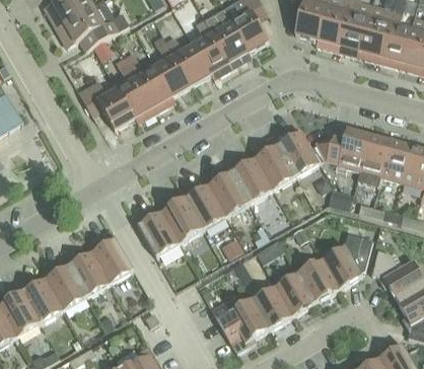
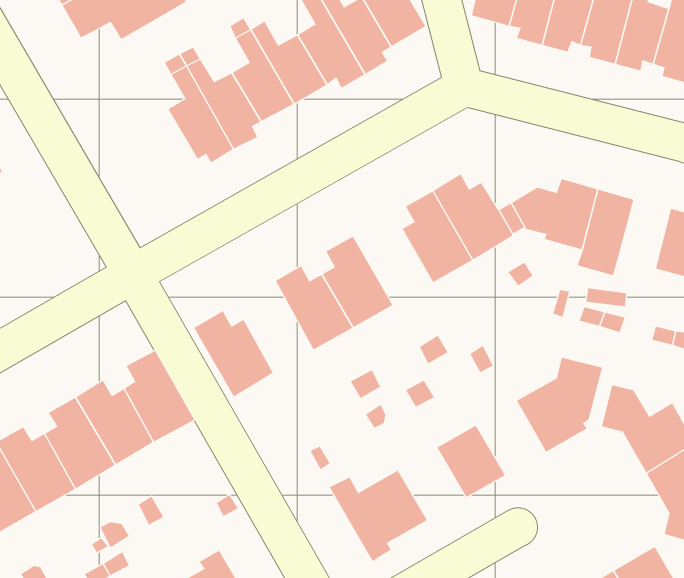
building: [78,80,134,129] -> none
building: [380,141,411,181] -> none
building: [225,153,272,203] -> none
building: [161,189,202,242] -> none
building: [297,259,338,302] -> none
building: [252,286,291,328] -> none

